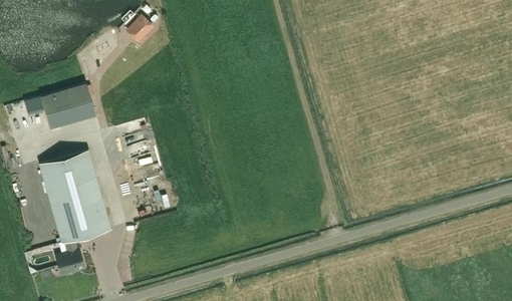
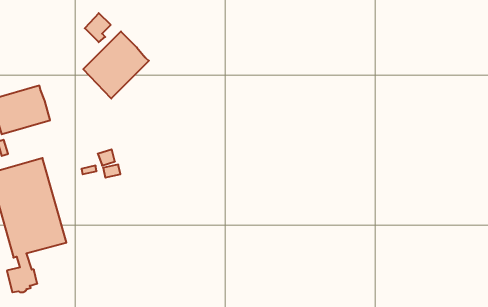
building: none -> [83,31,149,99]

